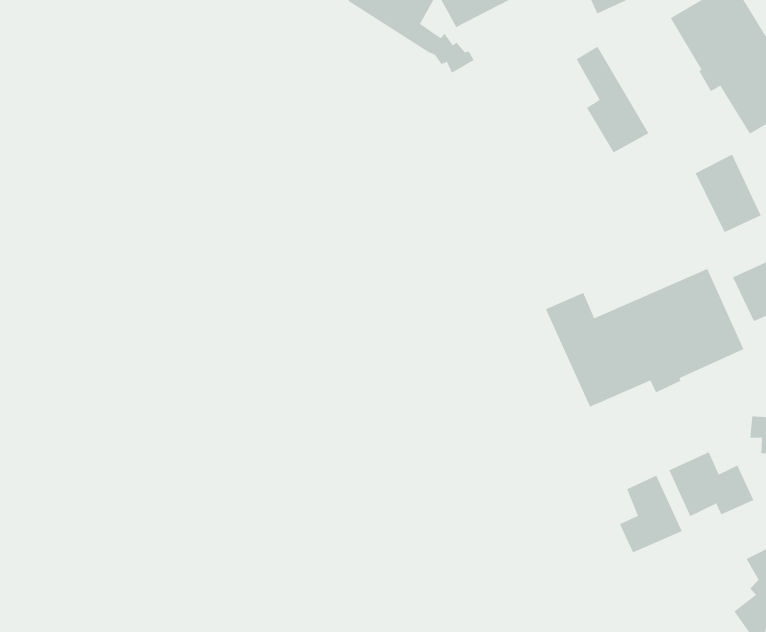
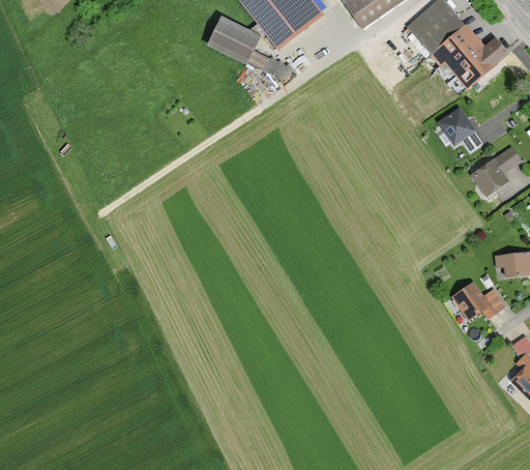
building: [576,46,649,153] -> none
building: [545,268,744,407] -> none
building: [619,475,682,553] -> none

